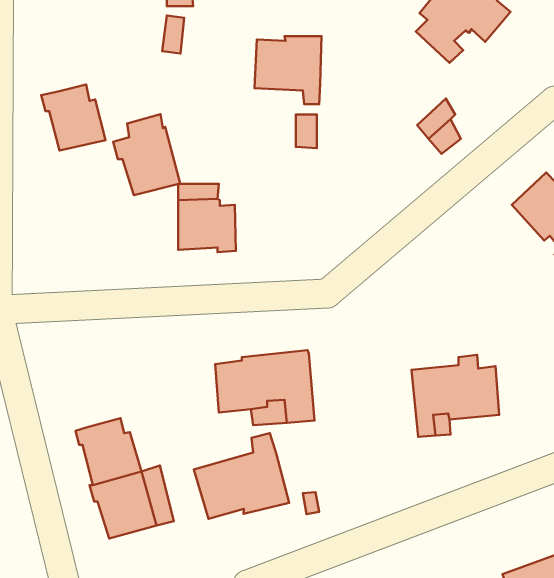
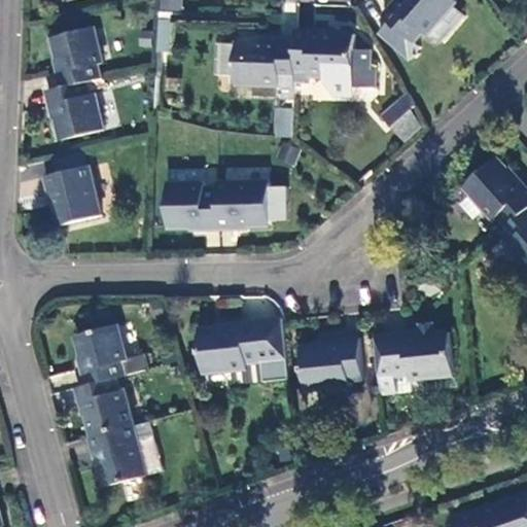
building: none -> [292,27,375,98]
building: none -> [50,28,100,86]
building: [113,114,180,195] -> [40,152,100,224]
building: none -> [216,182,268,229]
building: none -> [74,323,146,386]
building: none -> [300,338,362,388]
building: [194,433,289,519] -> none

